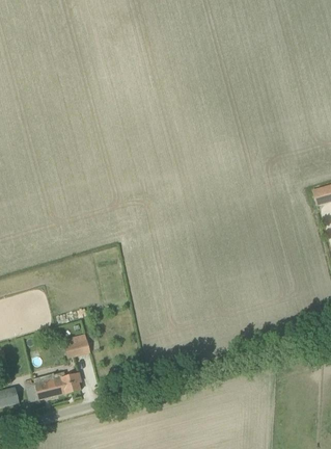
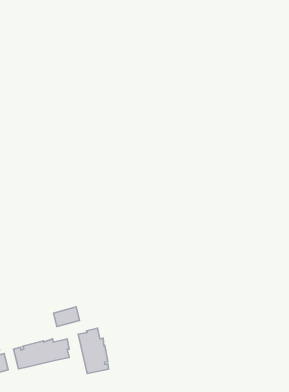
building: none -> [78,328,109,373]

